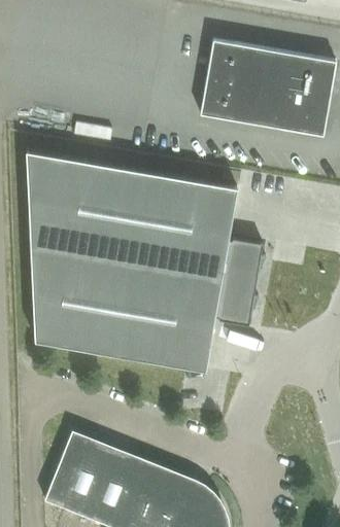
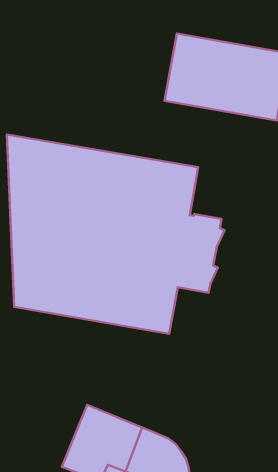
building: [43,431,113,517] -> none

